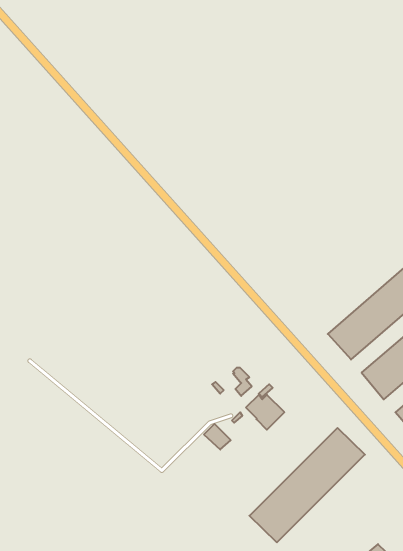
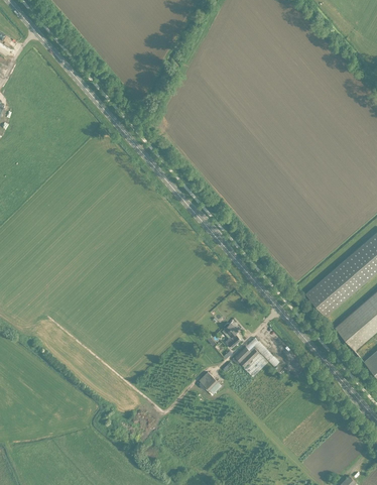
building: [249,428,365,542] -> none

